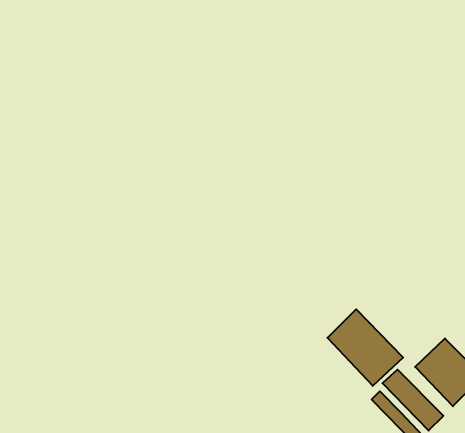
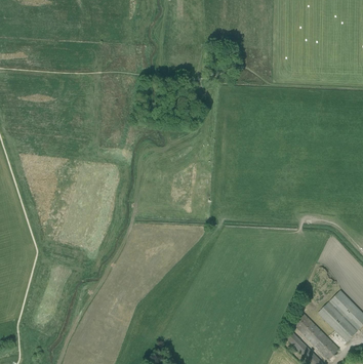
building: [327,309,403,386] -> none

